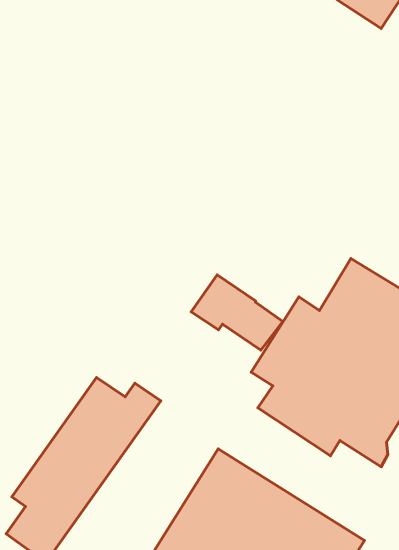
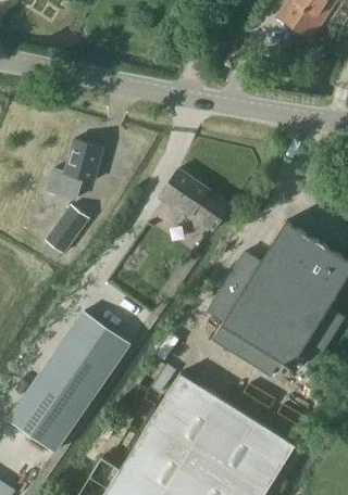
building: none -> [47,138,103,198]
building: none -> [46,204,89,253]
building: [191,275,283,350] -> [158,168,231,228]

